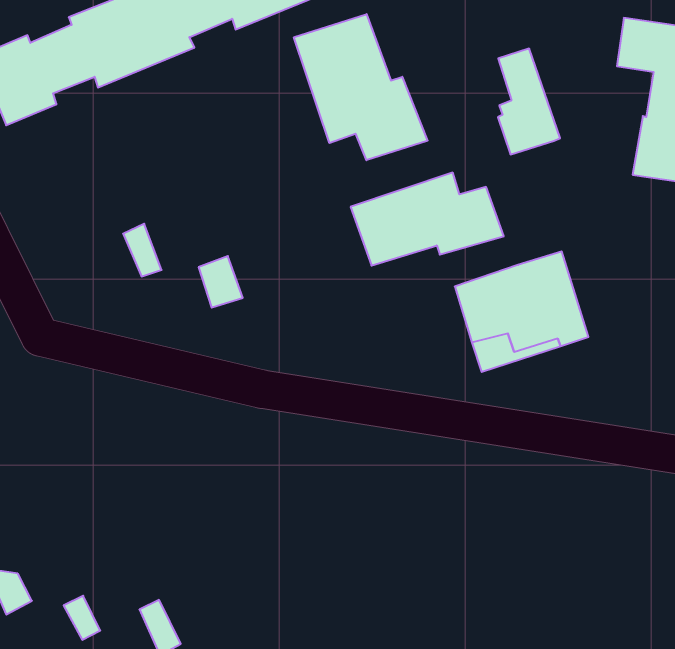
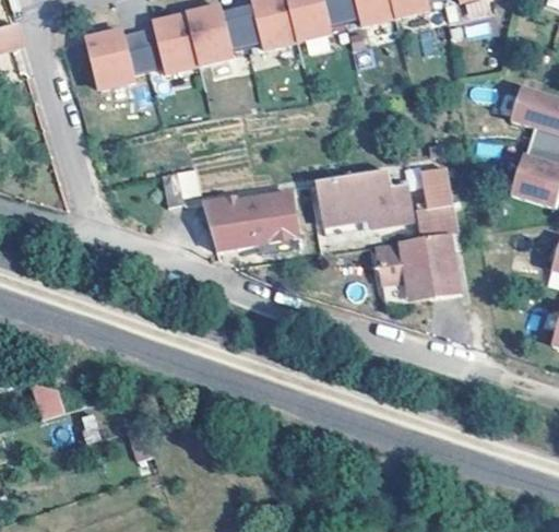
building: [294,14,428,160] -> none
building: [498,49,560,154] -> [418,169,457,238]
building: none -> [239,193,299,246]

